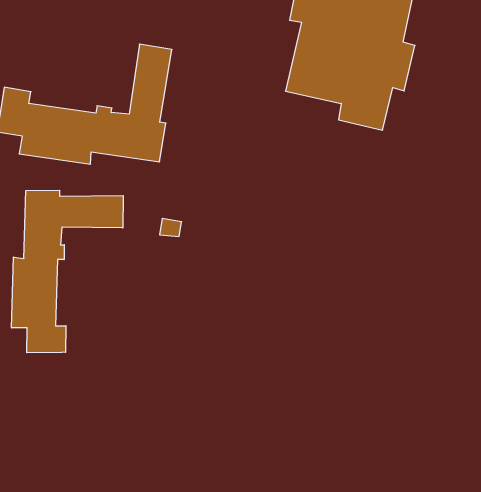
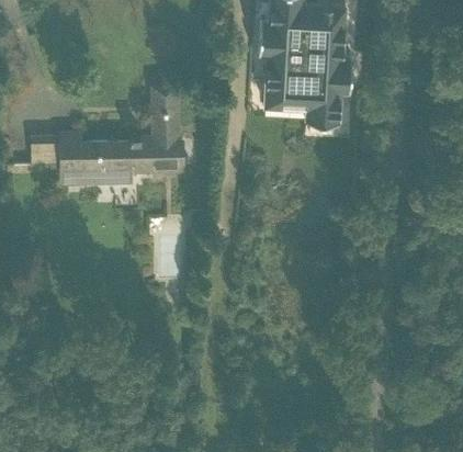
building: [12,190,123,353] -> none

